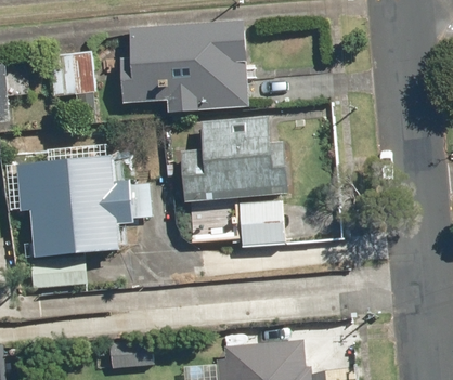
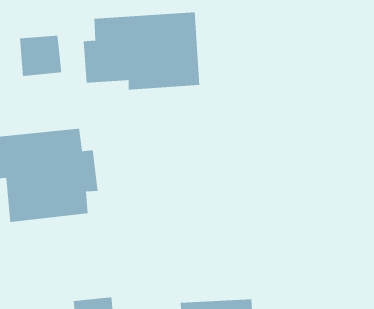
building: [182,116,295,243] -> none

